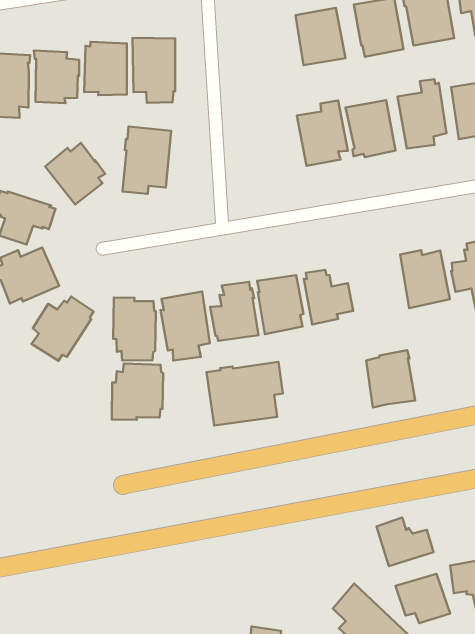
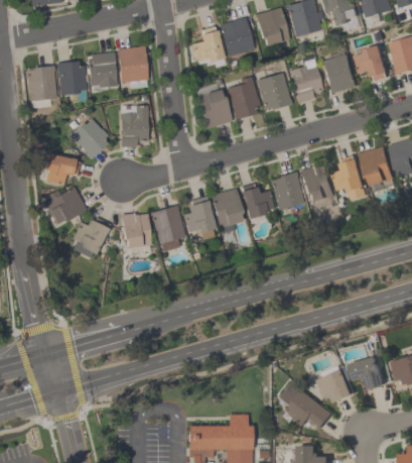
building: none -> [192,26,225,62]
building: none -> [200,90,232,128]
building: [366,350,415,408] -> [271,171,304,210]
building: [207,362,283,426] -> none
building: [112,364,163,420] -> none
building: [376,517,433,566] -> none

